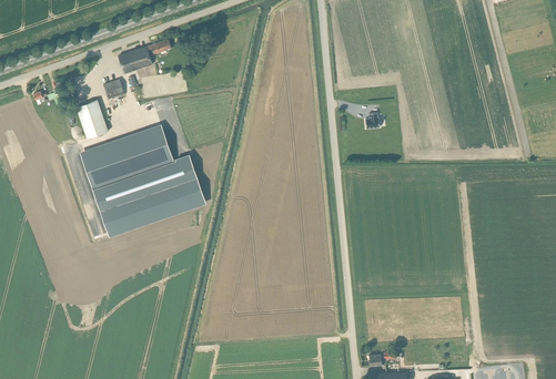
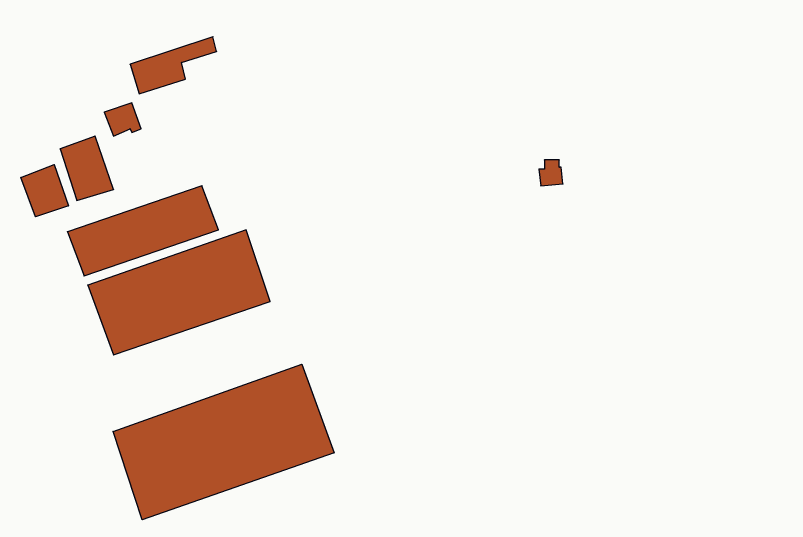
building: none -> [21,165,68,217]
building: none -> [113,364,334,520]

